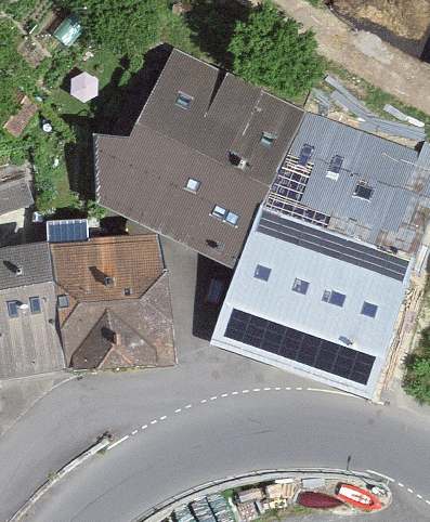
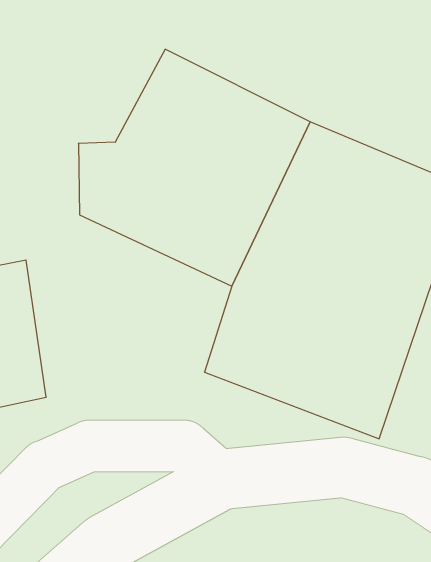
building: [48,235,174,368] -> none

